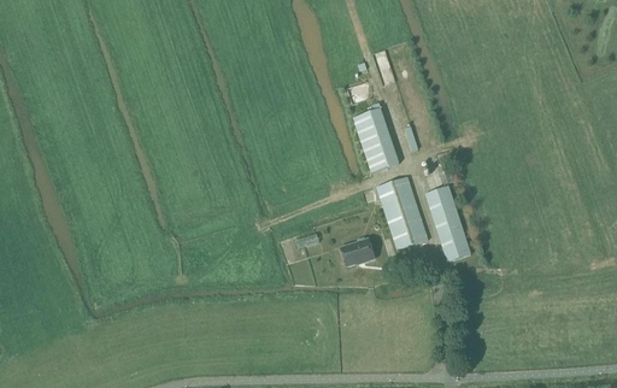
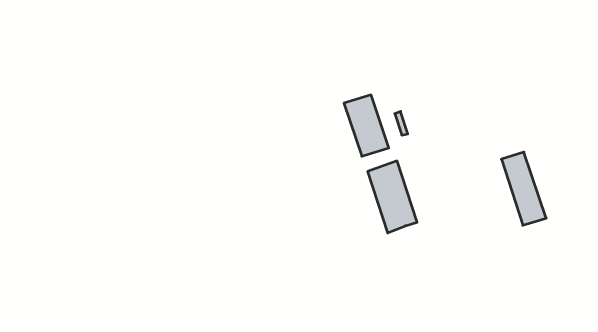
building: [425,186,471,260] -> [501,152,546,225]
building: [341,237,374,265] -> none

